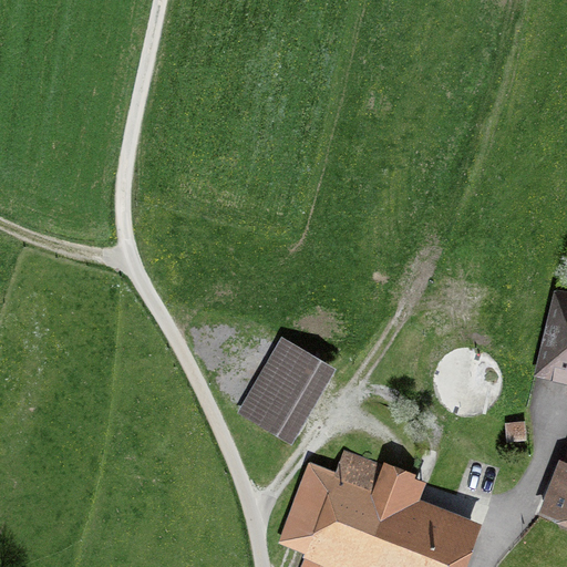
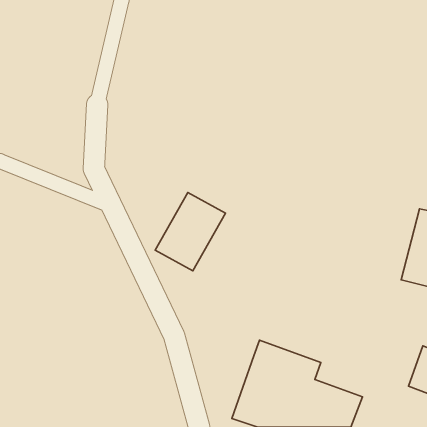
building: [240,337,333,441] -> [155,192,225,271]
building: [280,462,337,555] -> none

